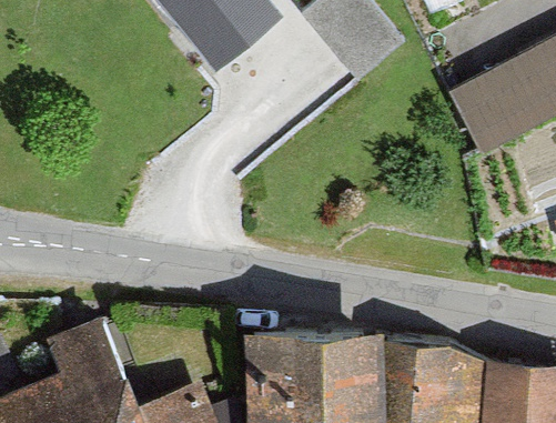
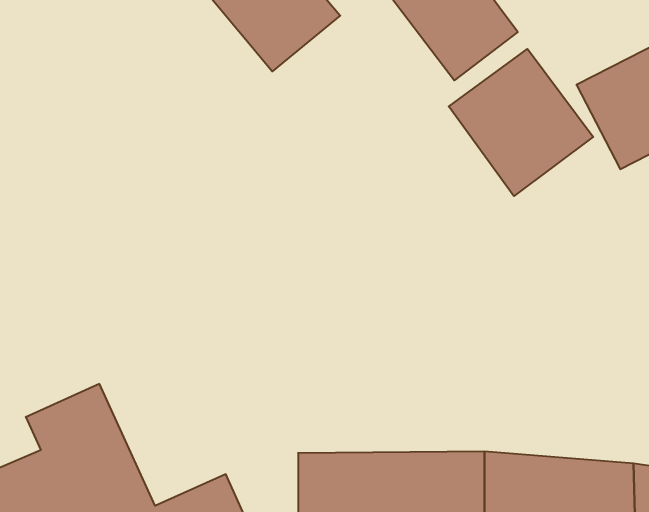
building: none -> [449,49,593,196]

